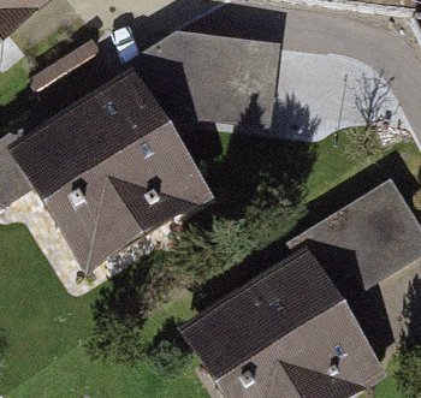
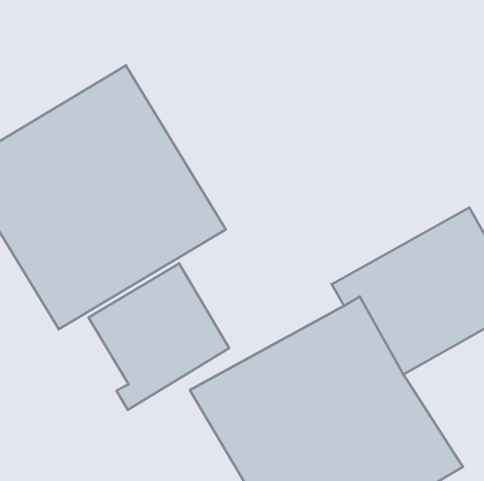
building: [177,38,291,121] -> none
building: none -> [89,263,229,410]

